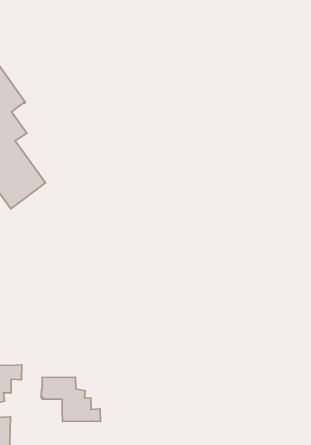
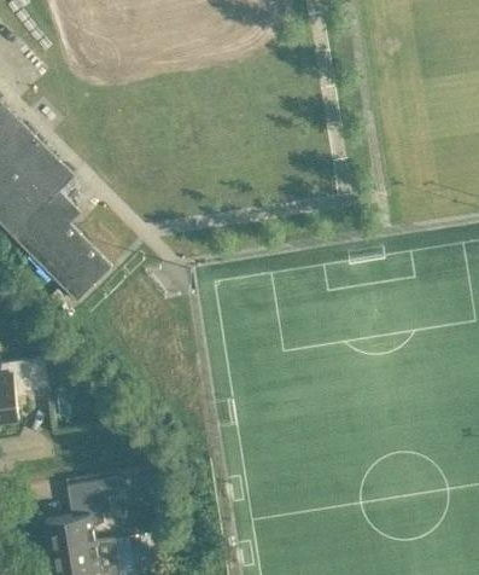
building: [41,377,101,422] -> none

